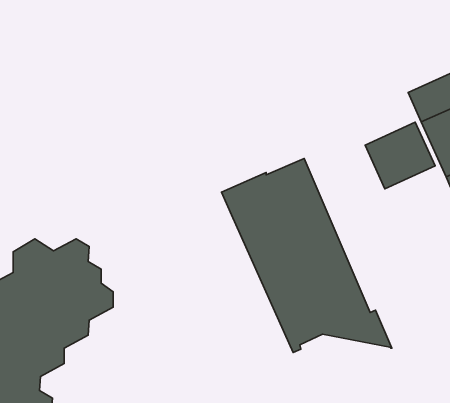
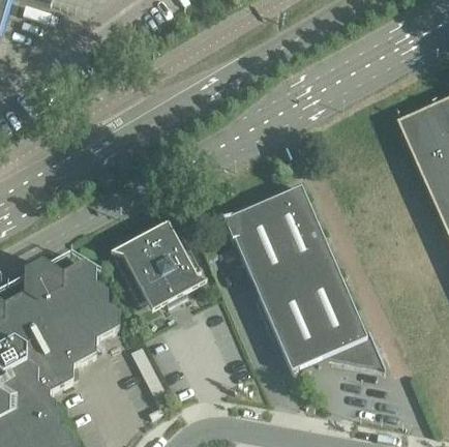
building: [365,122,435,189] -> none
building: none -> [111,220,207,309]

